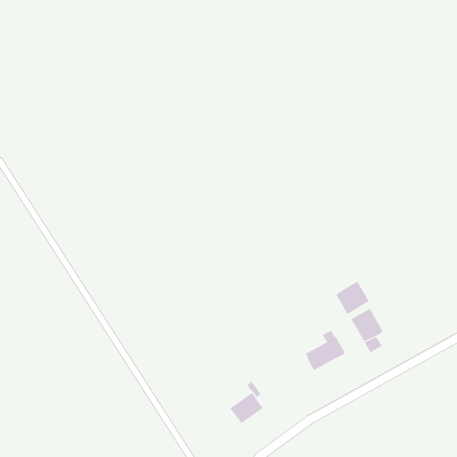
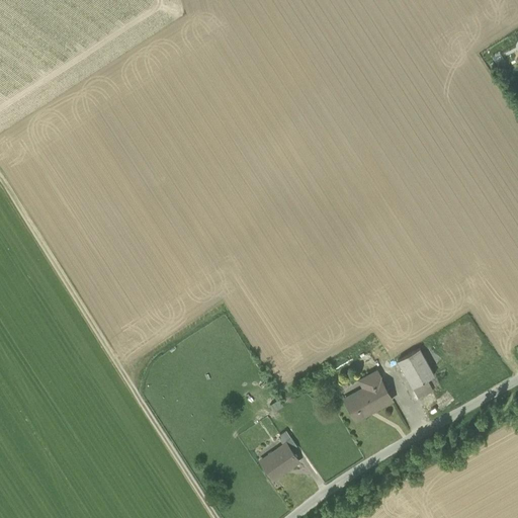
building: [336,281,369,315] -> none

